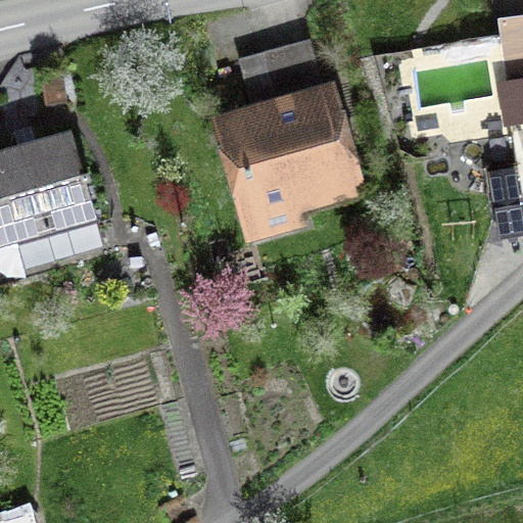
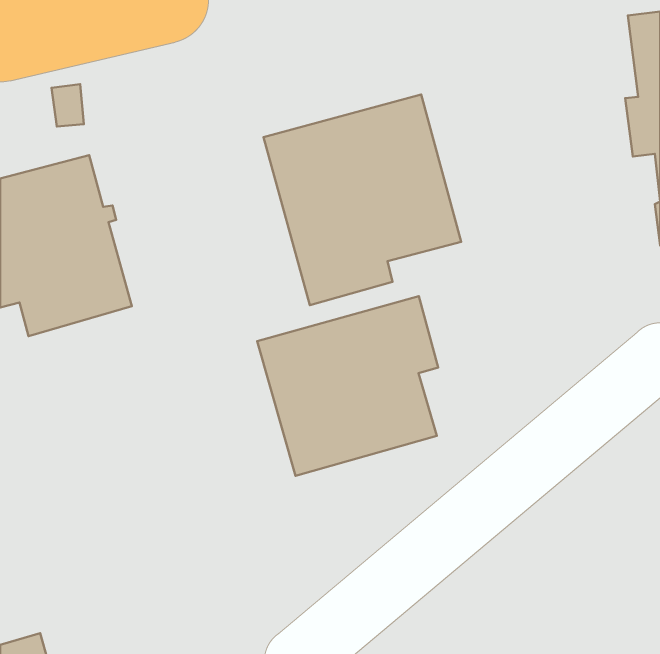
building: none -> [257,296,438,476]

